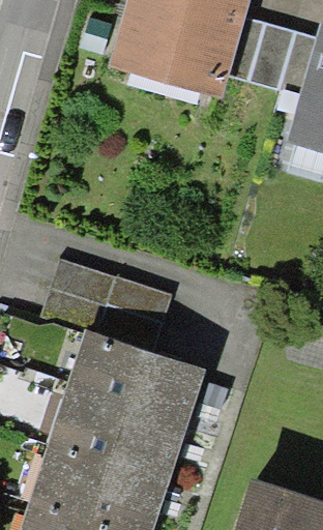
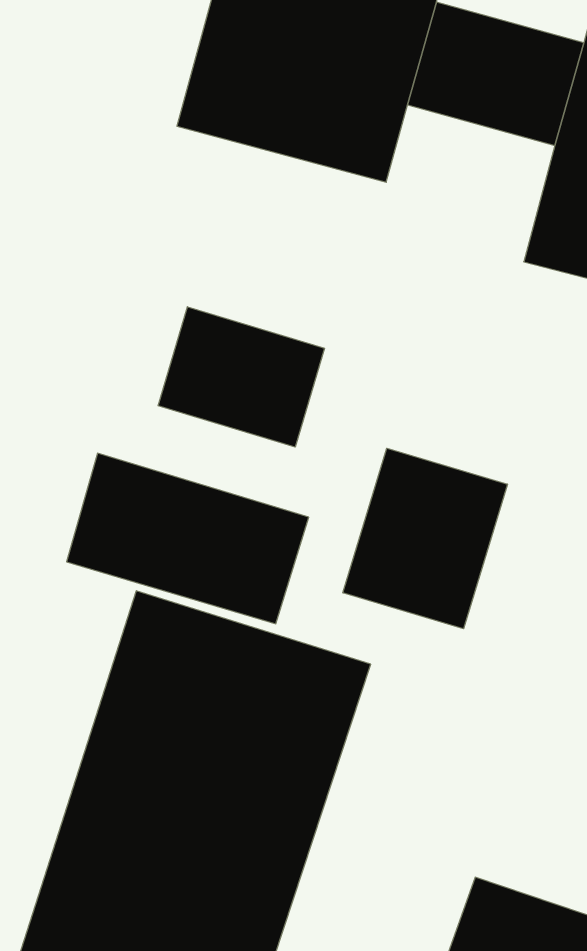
building: none -> [158,307,324,447]
building: none -> [343,448,507,629]

